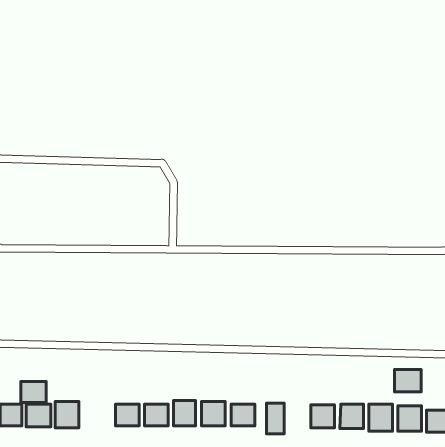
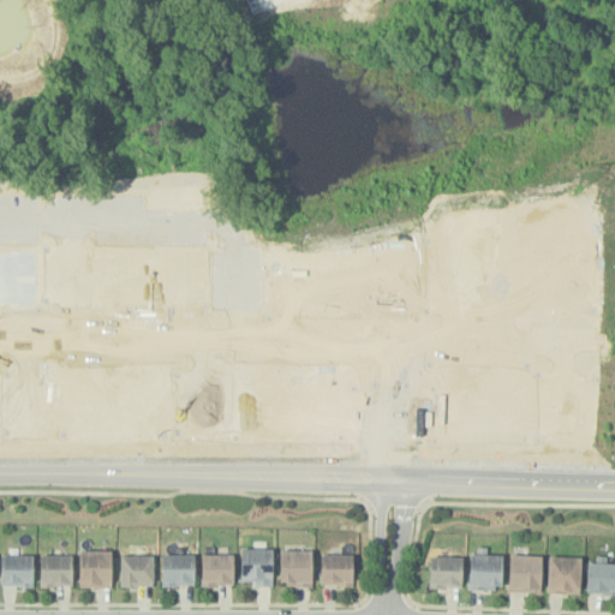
building: [394,370,421,392] -> none
building: [21,381,46,403] -> none
building: [266,403,284,434] -> none
building: none -> [121,556,154,586]

